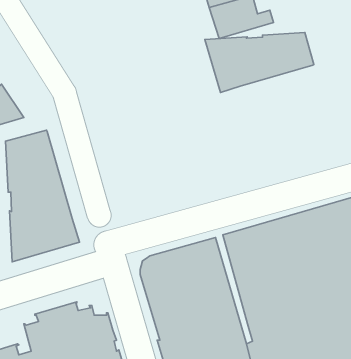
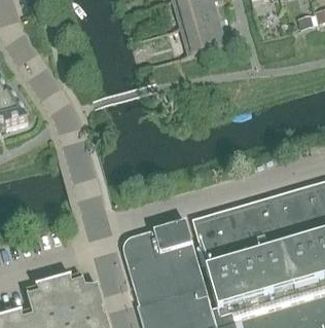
building: [205,32,314,92] -> none
building: [6,130,80,262] -> none

